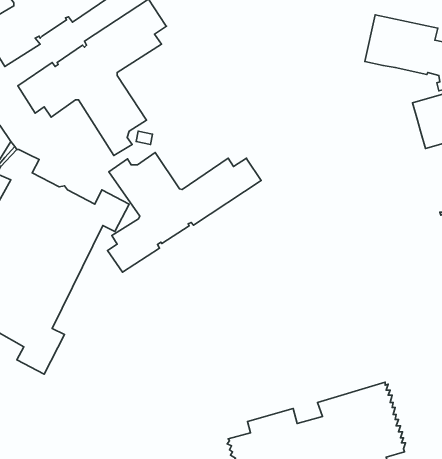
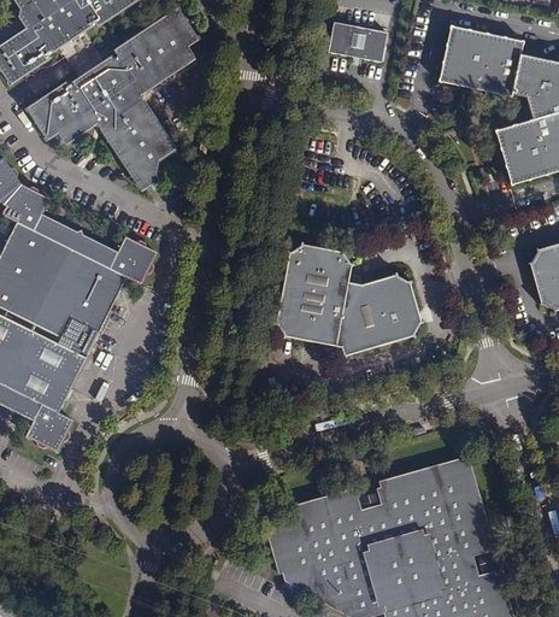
building: none -> [326,20,387,61]
building: [107,153,261,272] -> none
building: none -> [273,241,424,355]

